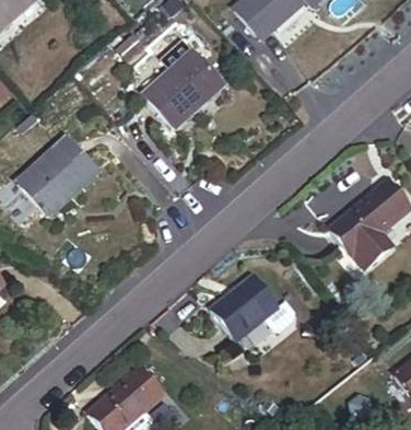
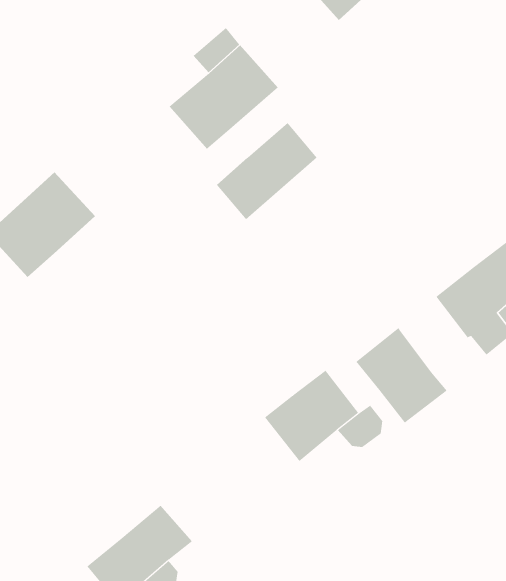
building: none -> [216,122,318,220]
building: none -> [355,327,448,424]

